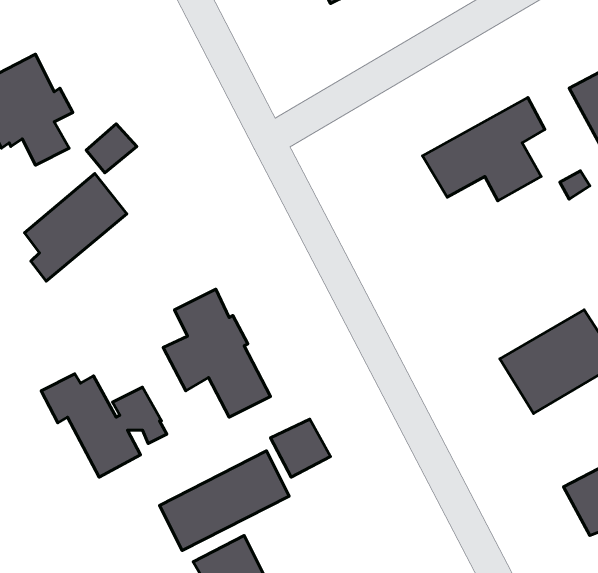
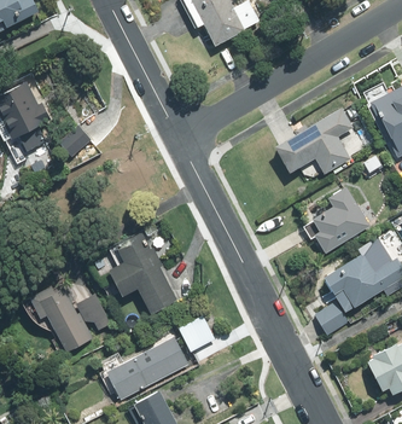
building: [24,173,127,281] -> none
building: none -> [313,186,371,252]
building: none -> [315,301,349,335]

